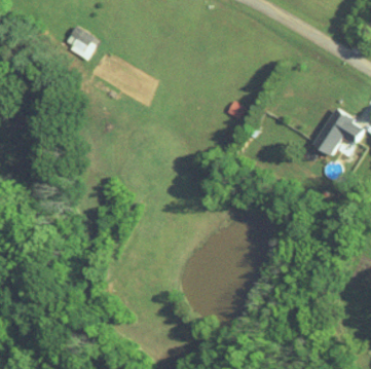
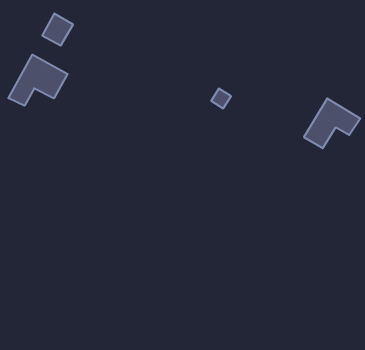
building: none -> [8,55,68,106]

